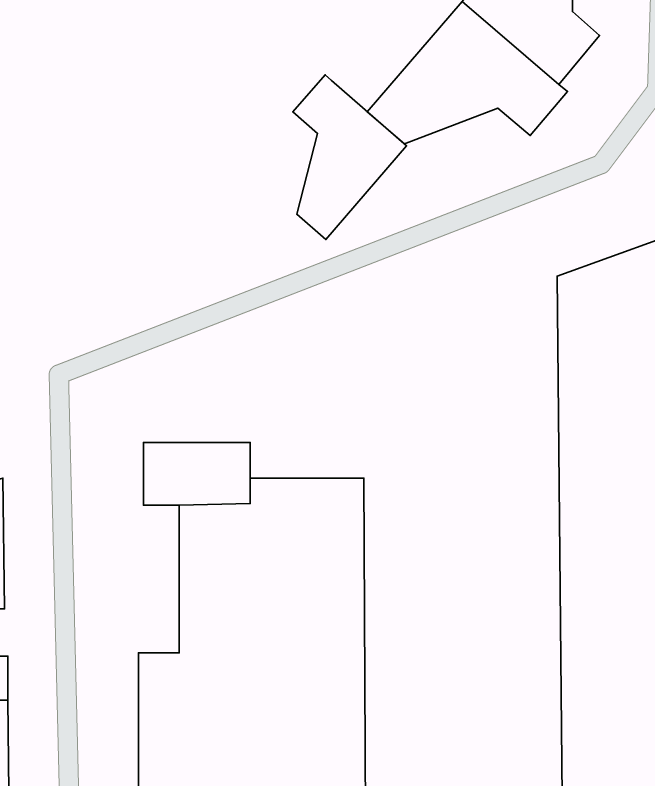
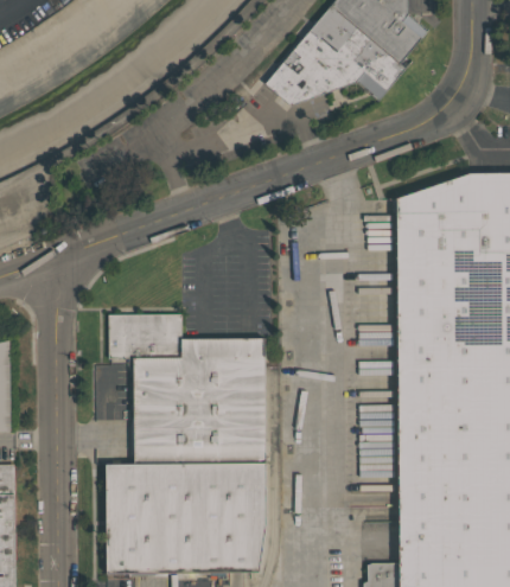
building: [293,75,407,239] -> none

